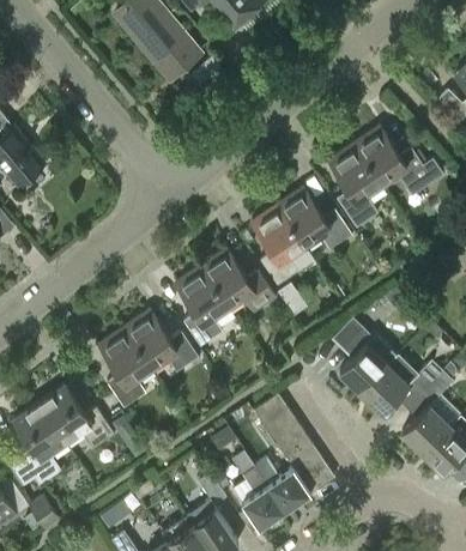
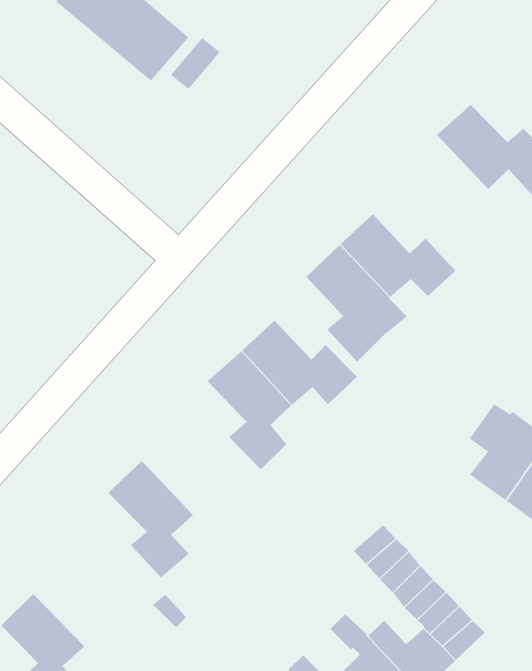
building: [329,144,382,229] -> none
building: [123,311,198,373] -> none
building: [37,387,114,450] -> none

